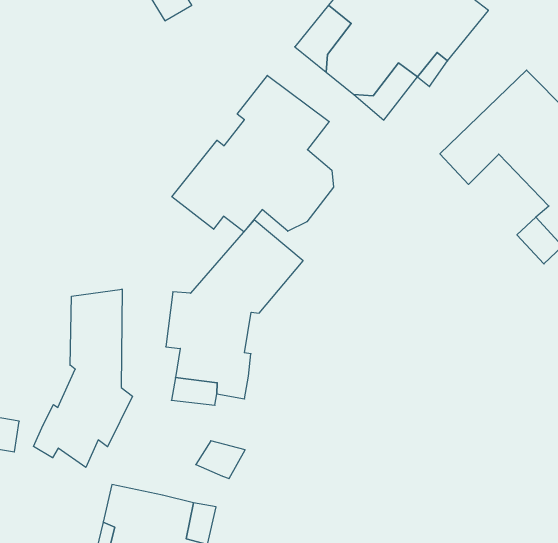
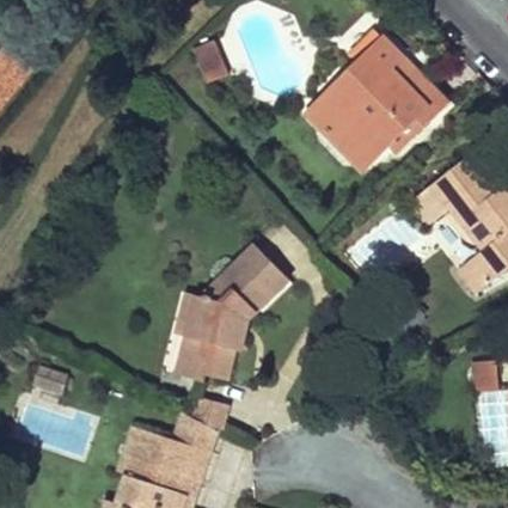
building: [172,75,334,232] -> none
building: [34,289,132,467] -> none
building: none -> [167,409,214,452]

